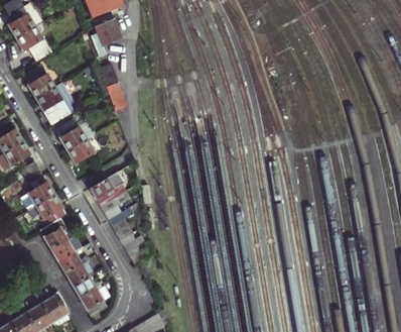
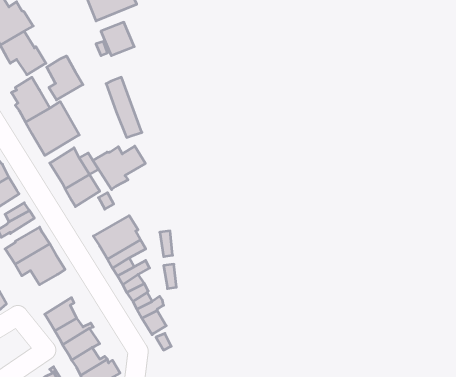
building: none -> [47,56,83,100]
building: none -> [93,146,145,190]
building: [39,218,75,249] -> none

